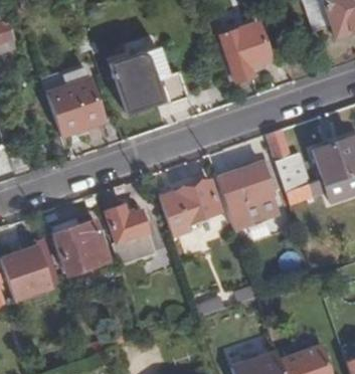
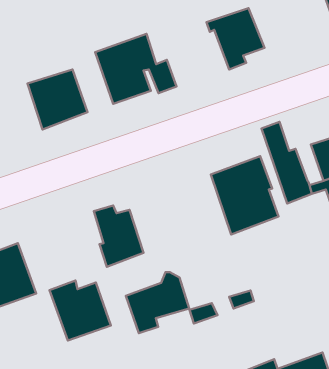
building: [162,177,221,234] -> [126,272,189,333]
building: [52,217,110,273] -> [50,281,111,341]

